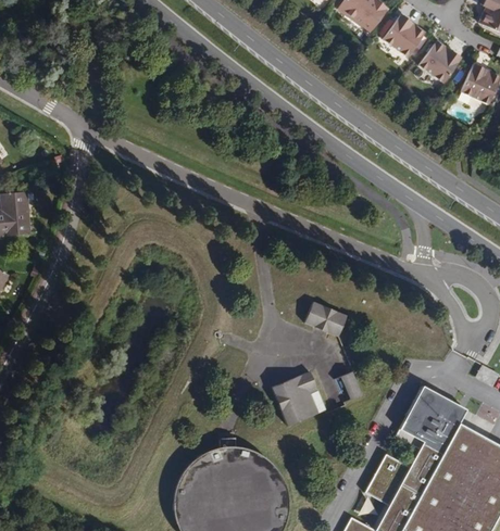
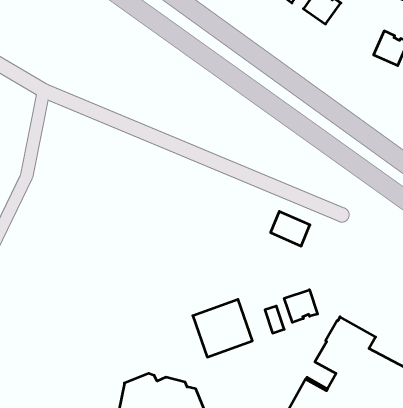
building: [421,40,462,83] -> none
building: [303,298,348,337] -> [271,211,310,246]
building: none -> [284,290,318,322]

